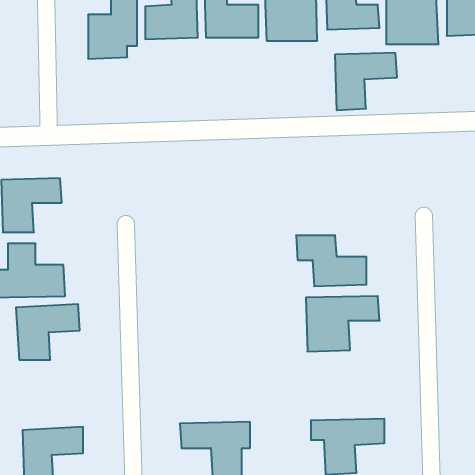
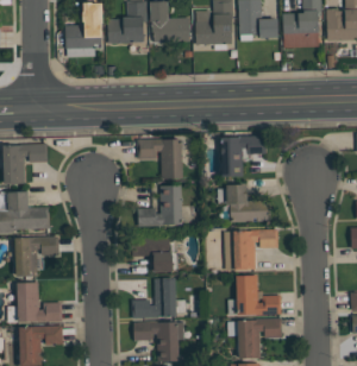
building: [335,53,397,110] -> [221,135,267,177]
building: none -> [138,138,183,178]
building: none -> [138,185,183,226]
building: none -> [132,235,173,272]
building: none -> [228,274,281,315]
building: none -> [132,278,177,317]
building: none -> [8,282,63,322]

